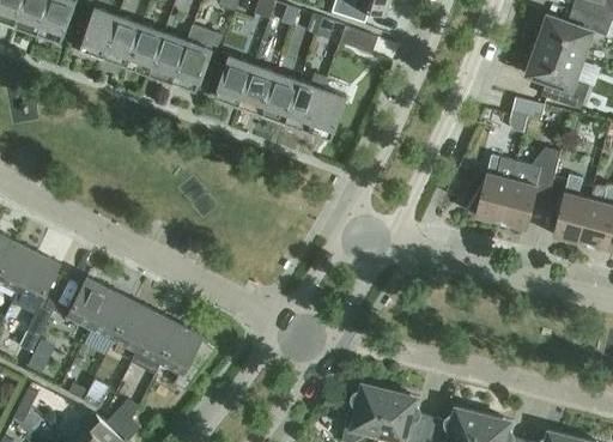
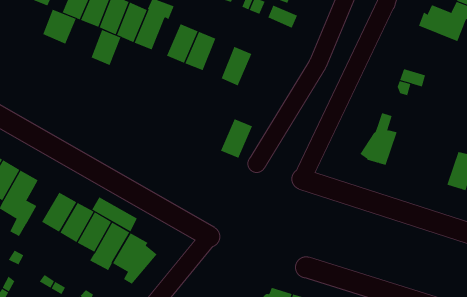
building: [526,42,589,109] -> none
building: none -> [42,9,77,44]
building: none -> [91,29,121,66]
building: [262,72,299,122] -> none
building: [308,89,347,139] -> [220,119,253,159]
building: [500,147,560,229] -> none
building: [553,174,590,242] -> none
building: none -> [91,197,138,232]

